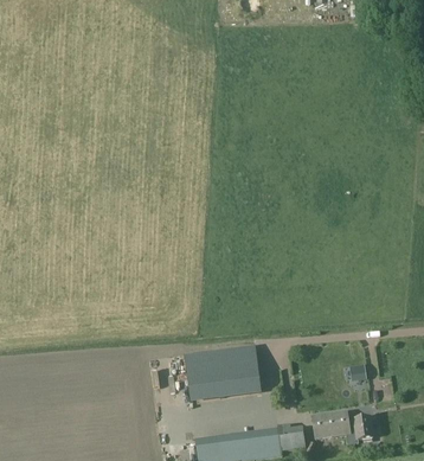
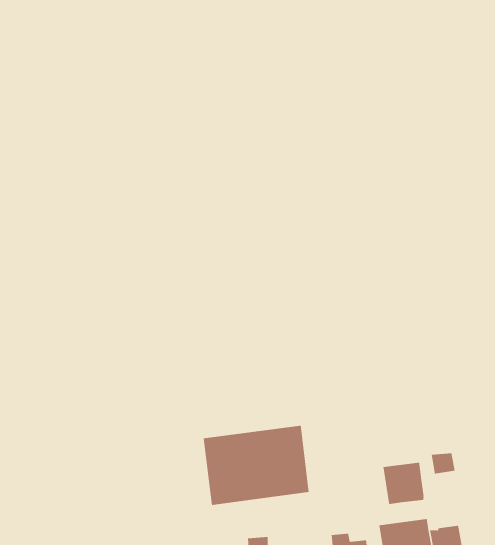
building: none -> [383,462,424,505]

